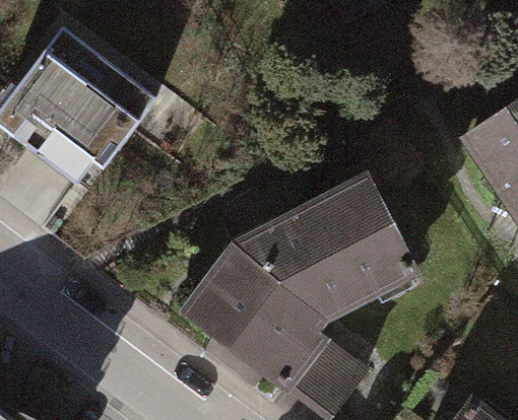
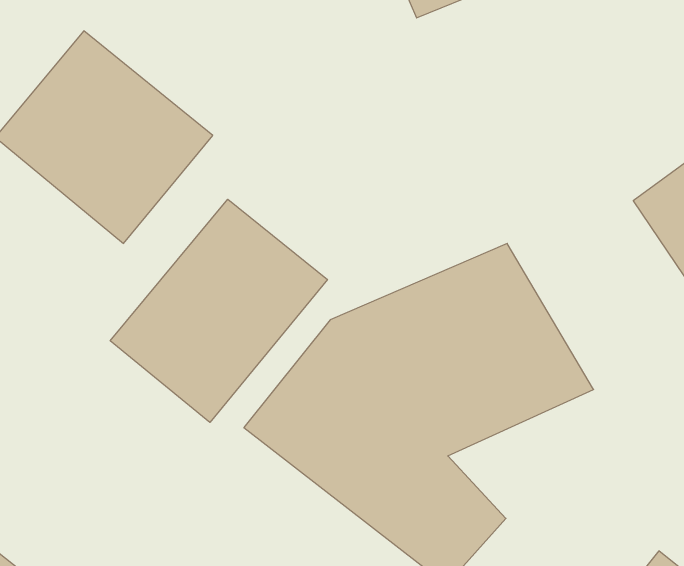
building: none -> [110,199,327,422]

